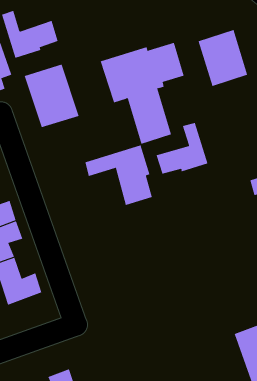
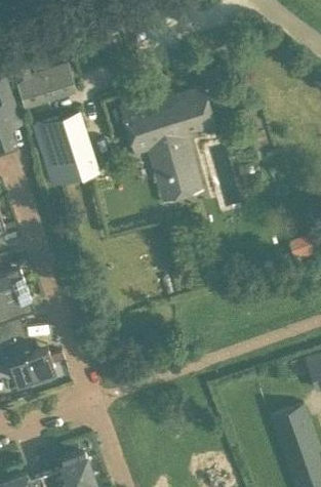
building: [198,29,248,87] -> none
building: [156,122,208,175] -> none
building: [85,144,152,206] -> none

